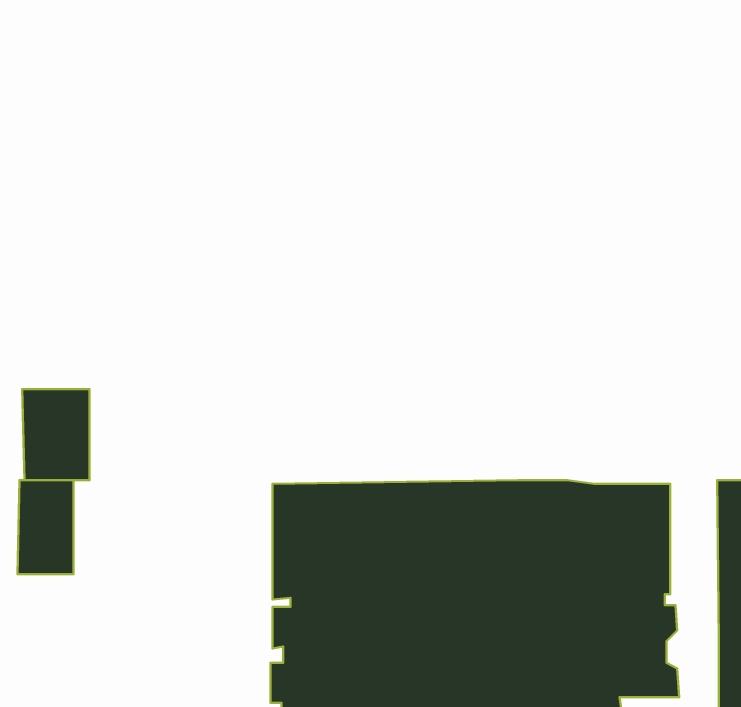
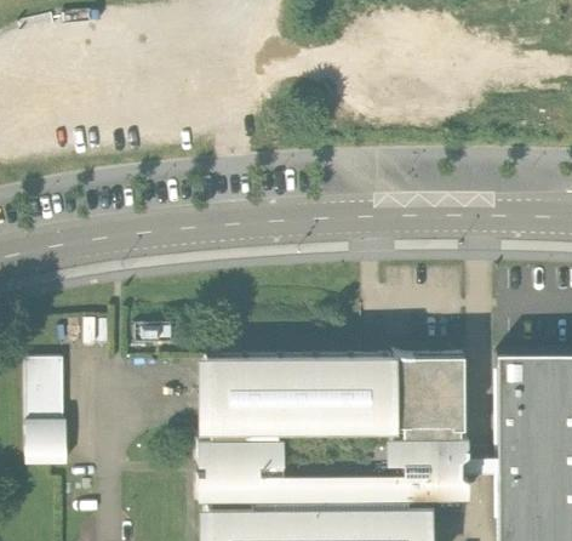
building: [22,389,90,480] -> none
building: none -> [28,420,69,466]

